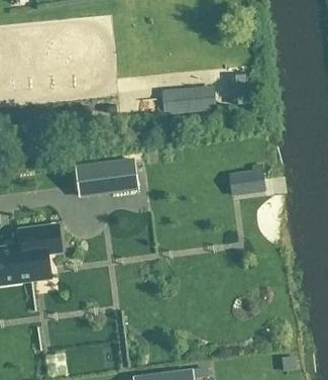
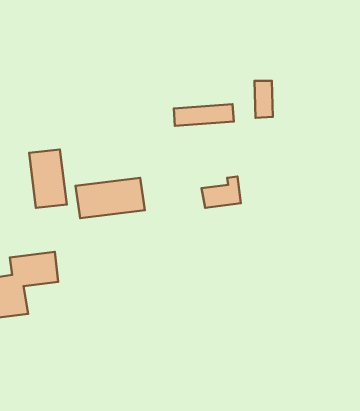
building: none -> [29,150,67,208]
building: [229,165,263,192] -> [202,177,241,208]

